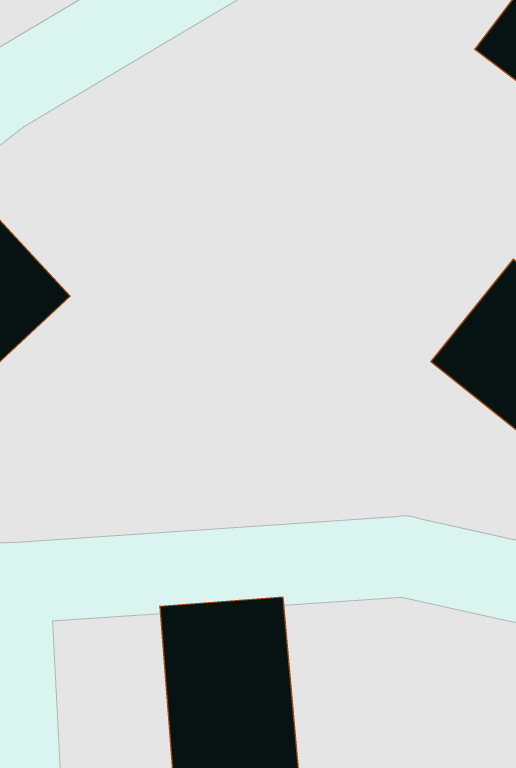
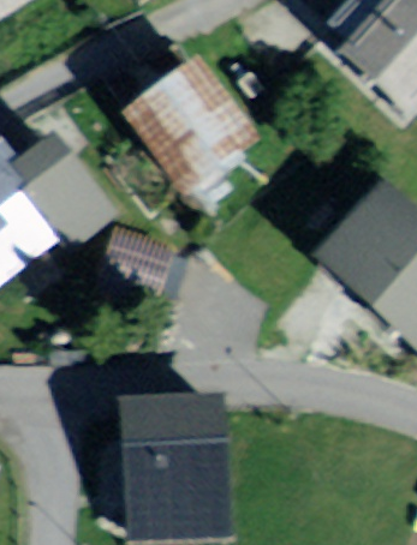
building: none -> [135,66,242,176]

